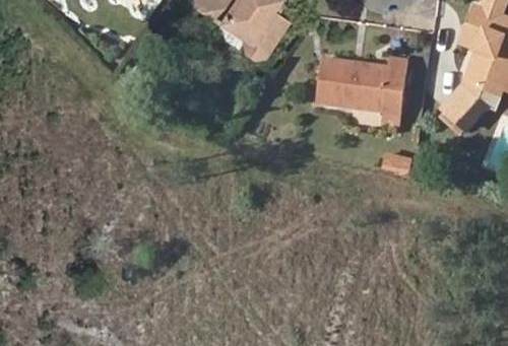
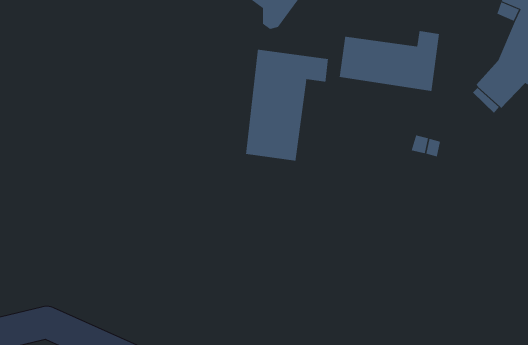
building: none -> [245,49,329,161]

